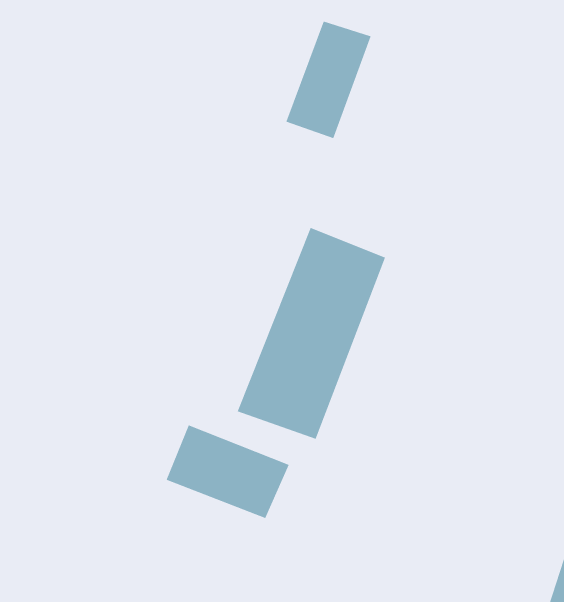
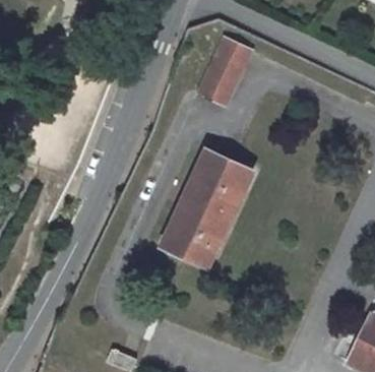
building: [166,425,289,519] -> none

